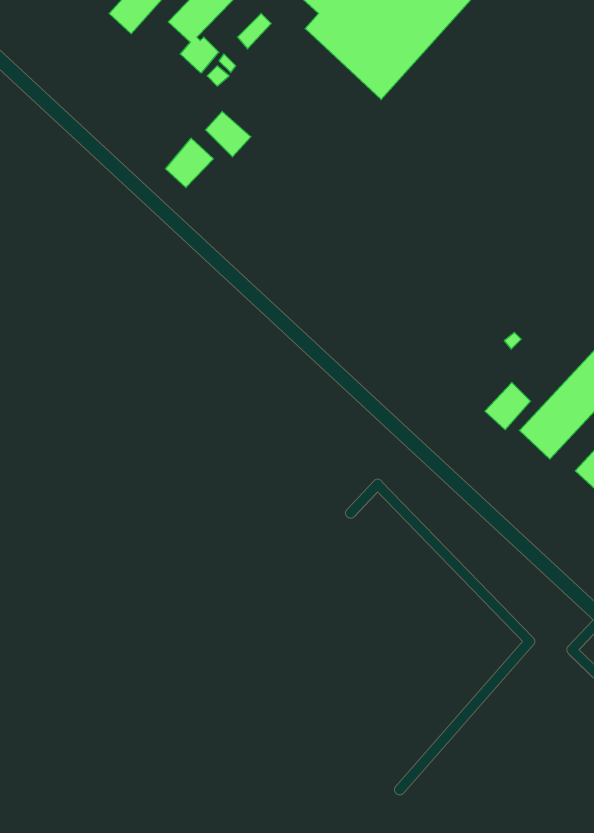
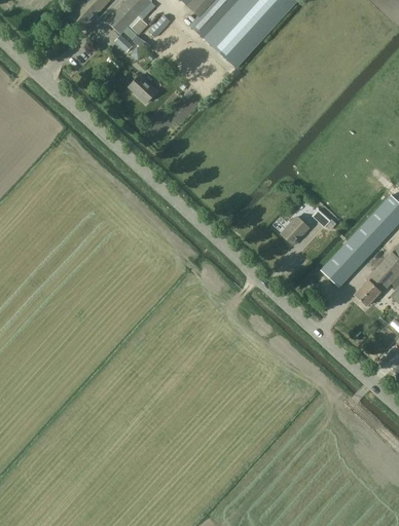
building: [166,138,213,188] -> none
building: [485,382,531,430] -> [281,216,309,245]

